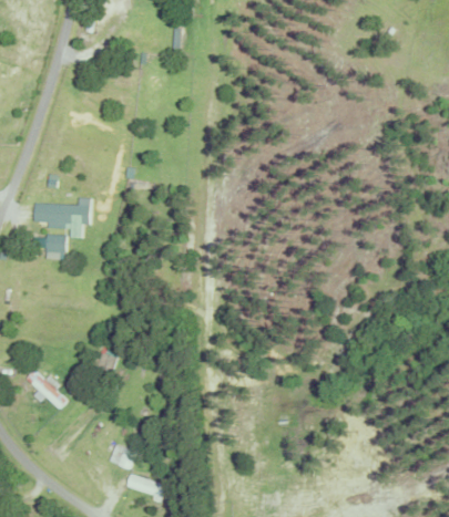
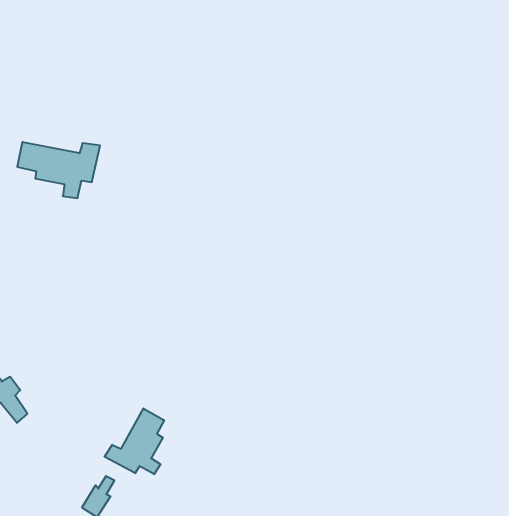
building: [45,235,67,260] -> none
building: none -> [105,408,164,474]

